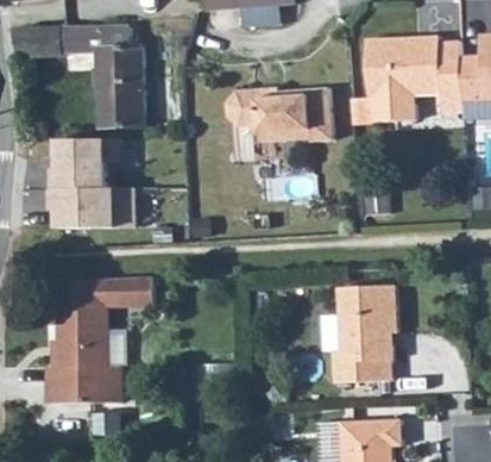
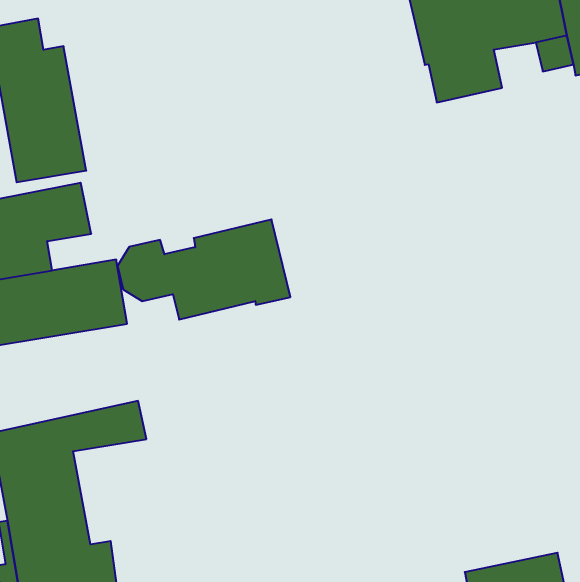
building: [226,88,332,142] -> [117,219,290,320]
building: [331,285,396,382] -> none

